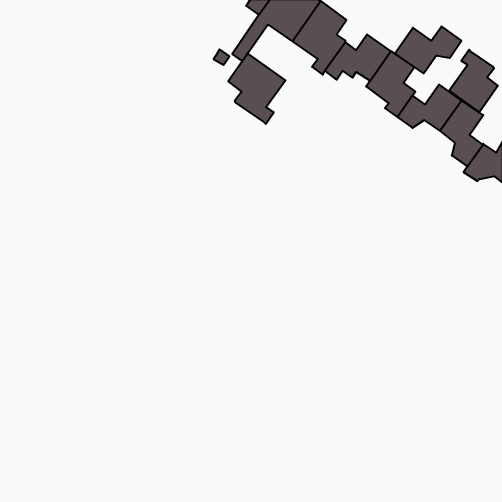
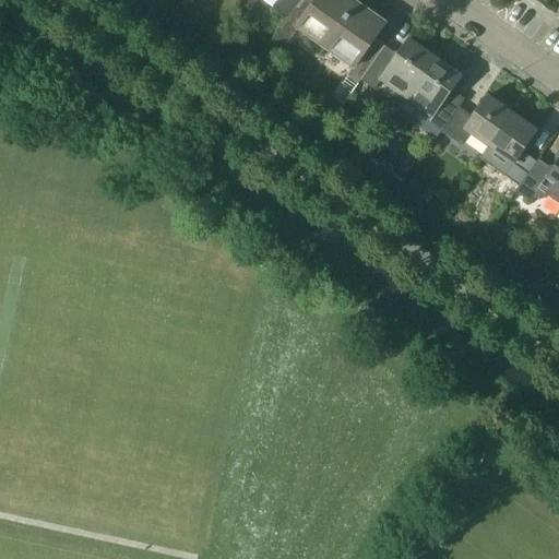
building: [395,26,461,73] -> none
building: [449,50,498,112] -> none
building: [228,53,285,124] -> none

